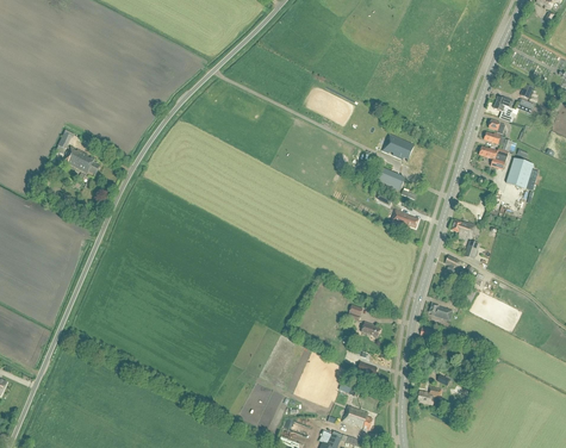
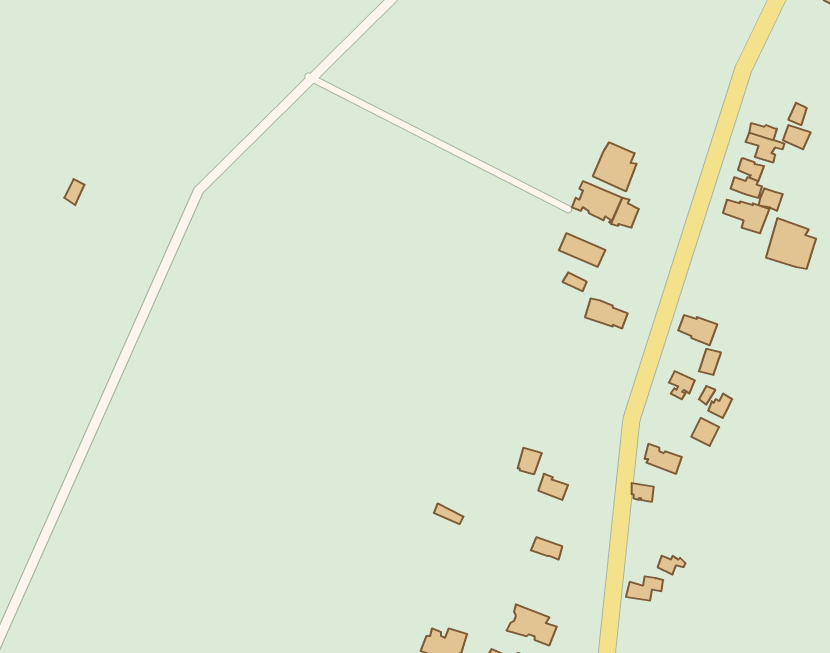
building: none -> [593,142,637,191]
building: [63,145,100,174] -> none

